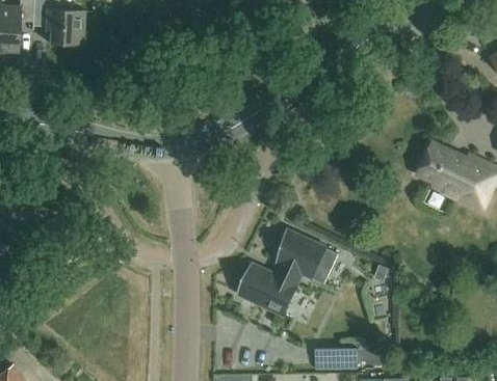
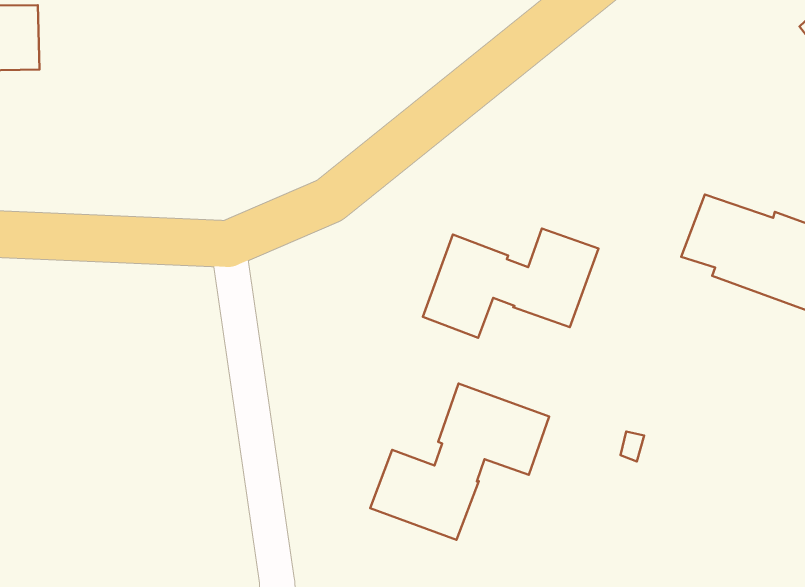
building: none -> [423,229,599,338]

